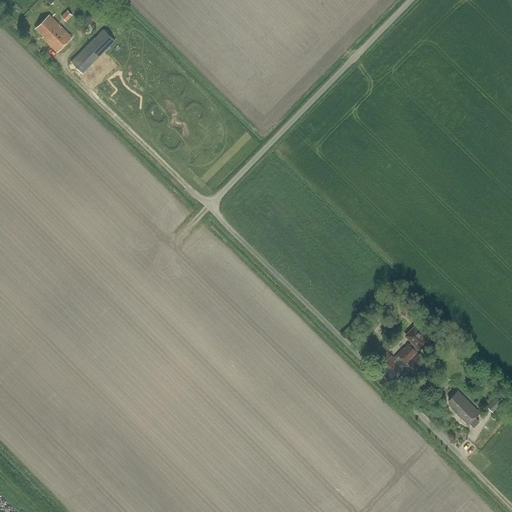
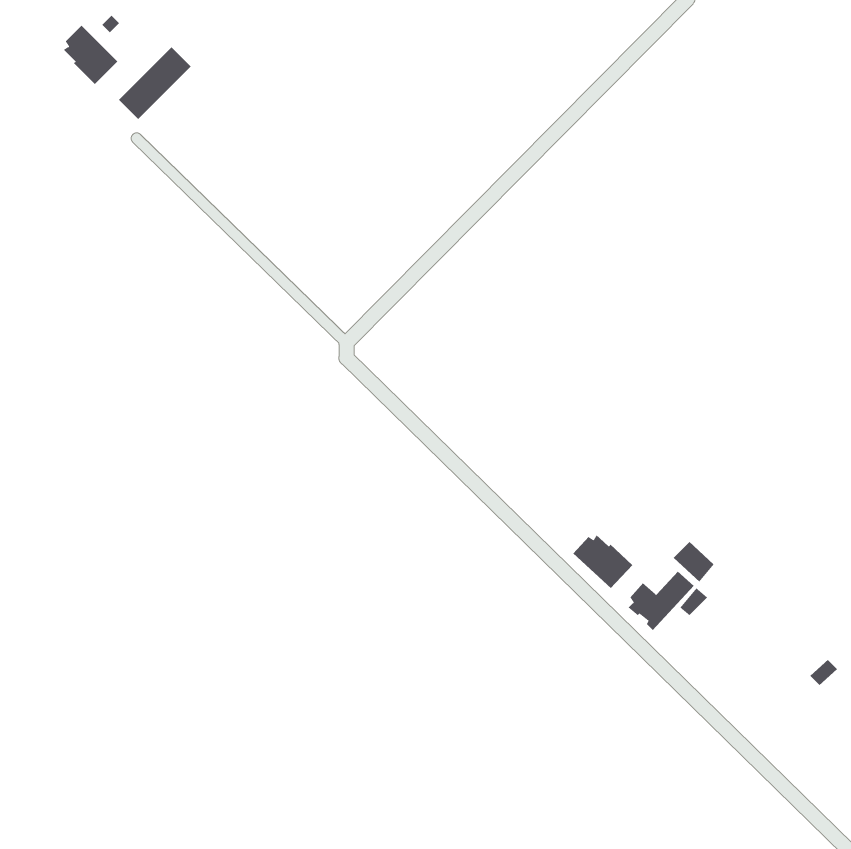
building: none -> [573,534,633,589]
building: [449,390,480,425] -> none

